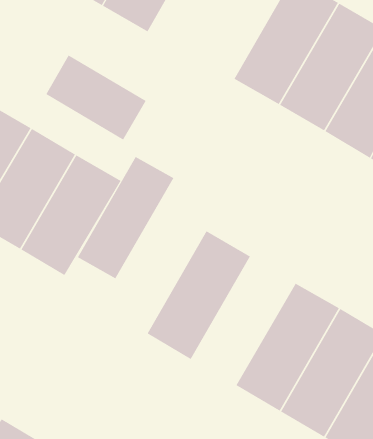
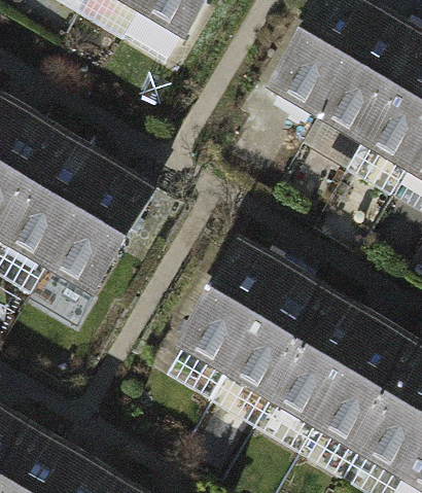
building: [45,54,146,140] -> none
building: [77,156,174,279] -> none
building: none -> [220,281,326,412]

